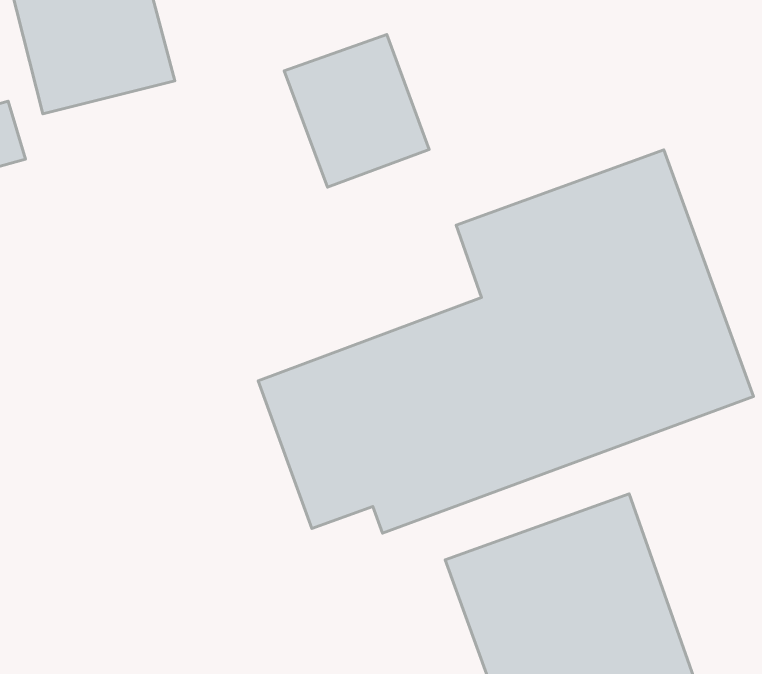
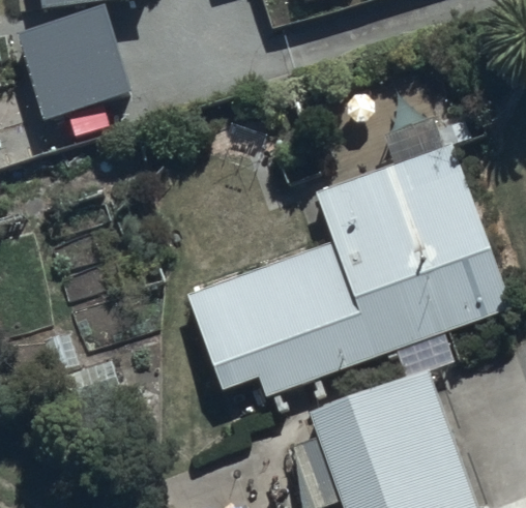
building: [284,34,429,187] -> none

